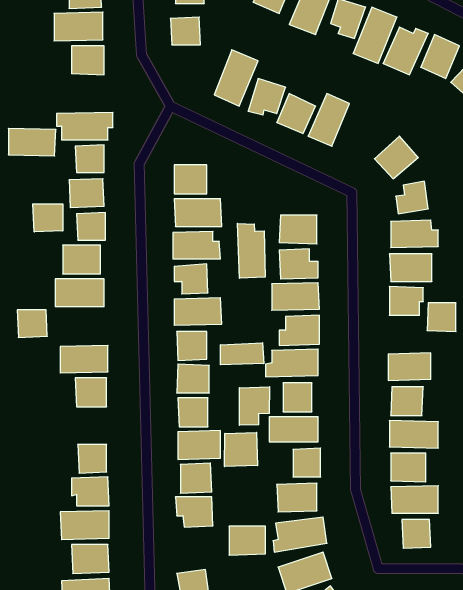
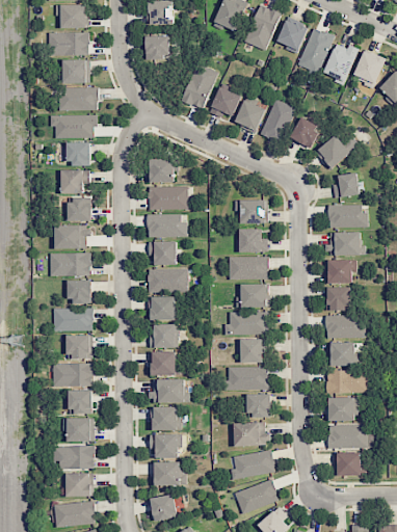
building: none -> [290,116,321,148]
building: [8,128,56,156] -> [59,87,99,110]
building: [33,204,63,232] -> none
building: [237,223,265,278] -> none
building: [427,303,456,332] -> [326,287,350,311]
building: [17,310,47,337] -> [68,280,92,302]
building: [221,343,264,365] -> none
building: [239,387,270,425] -> none
building: none -> [53,362,95,387]
building: [225,432,258,467] -> none
building: [229,526,265,555] -> [154,461,184,485]

